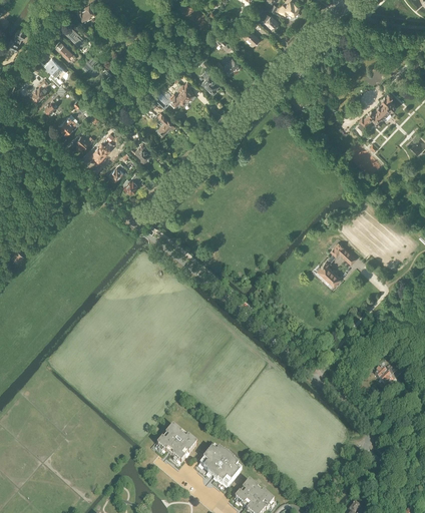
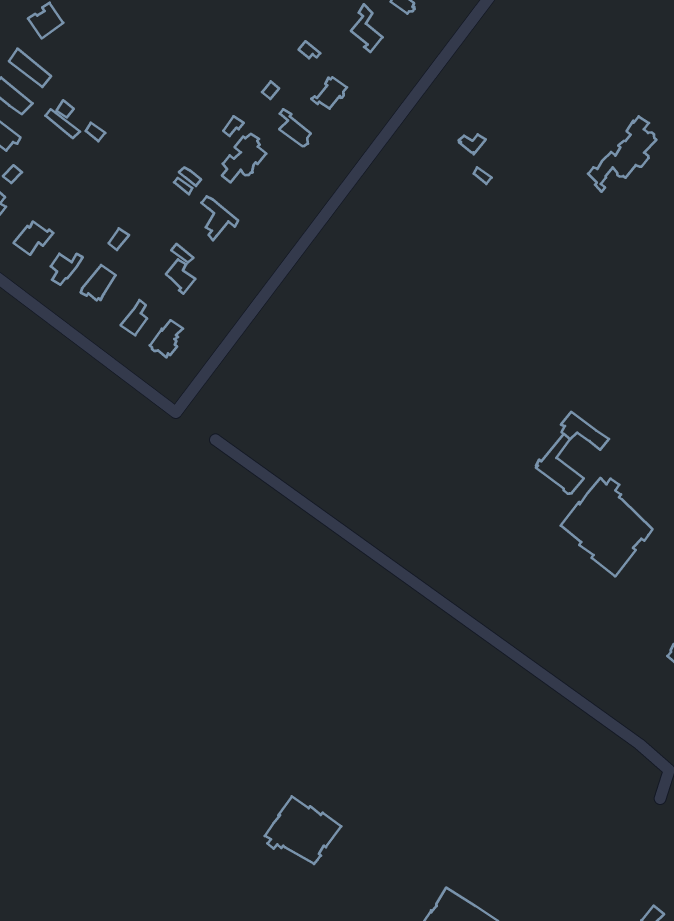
building: none -> [561,478,652,576]
building: [200,447,242,487] -> none

